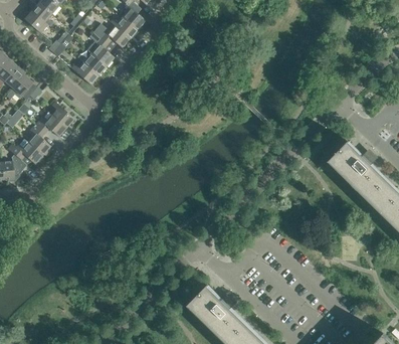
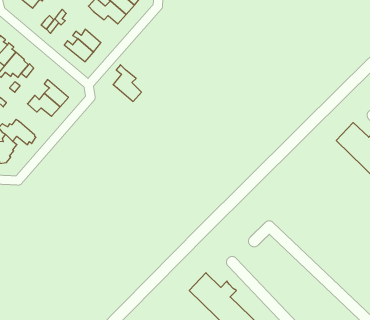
building: [86,31,114,66] -> [113,65,141,101]
building: [27,125,50,156] -> none

